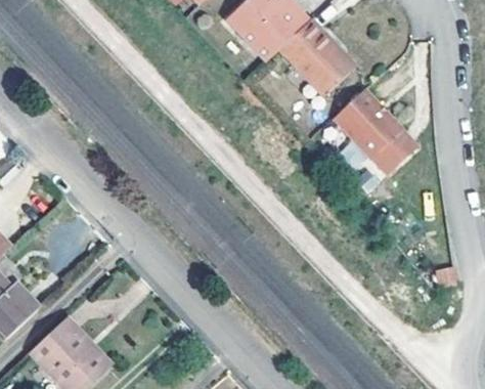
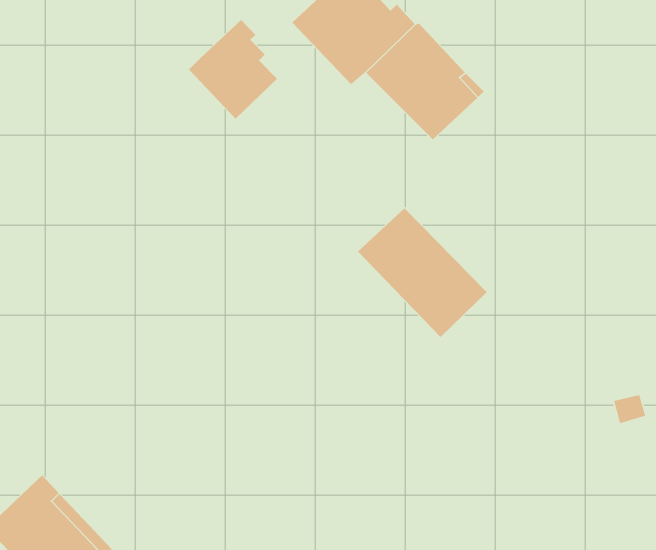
building: none -> [188,19,278,120]
building: [333,88,417,173] -> [357,208,488,338]

